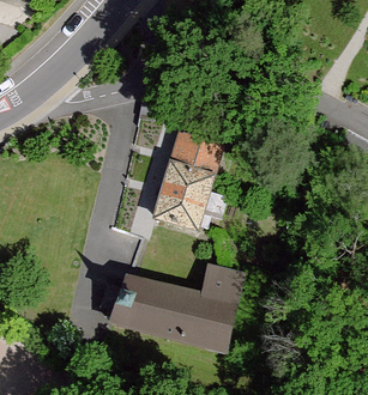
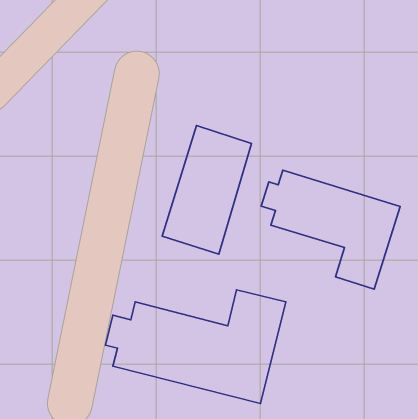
building: none -> [261,170,400,289]

